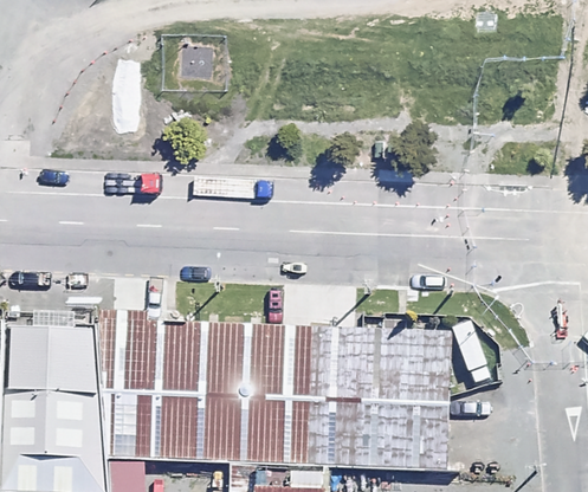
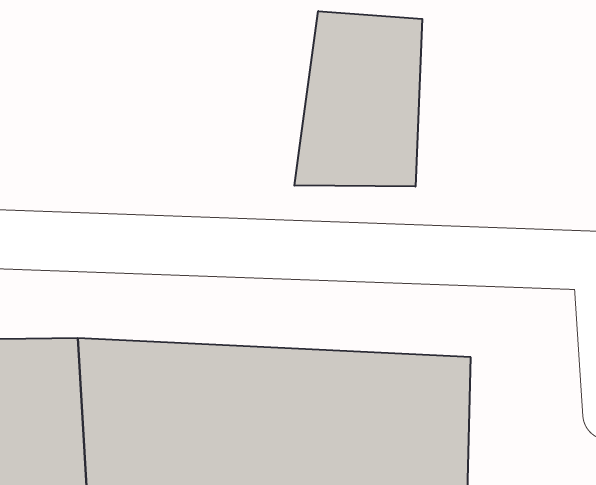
building: none -> [294,11,422,187]

